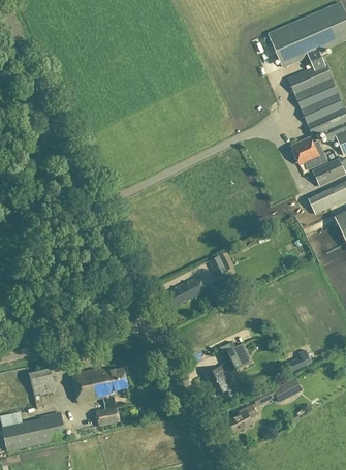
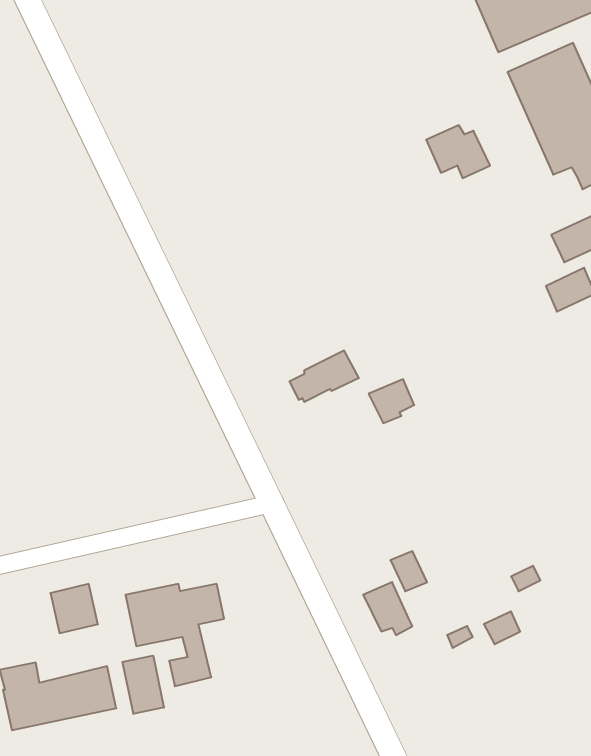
building: [291,136,327,166] -> [426,125,490,178]
building: [167,275,207,304] -> [289,351,359,402]
building: [227,403,257,432] -> none
building: none -> [122,656,164,714]

